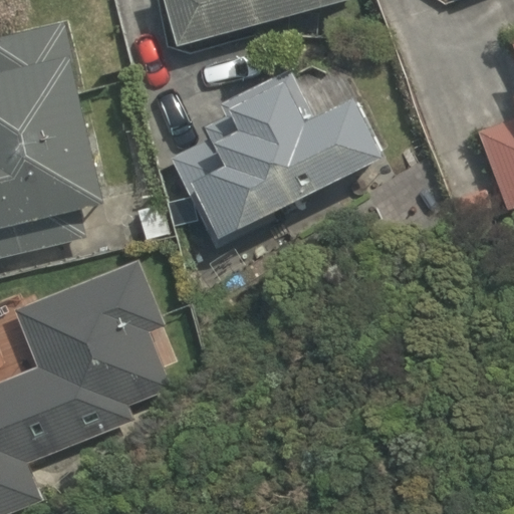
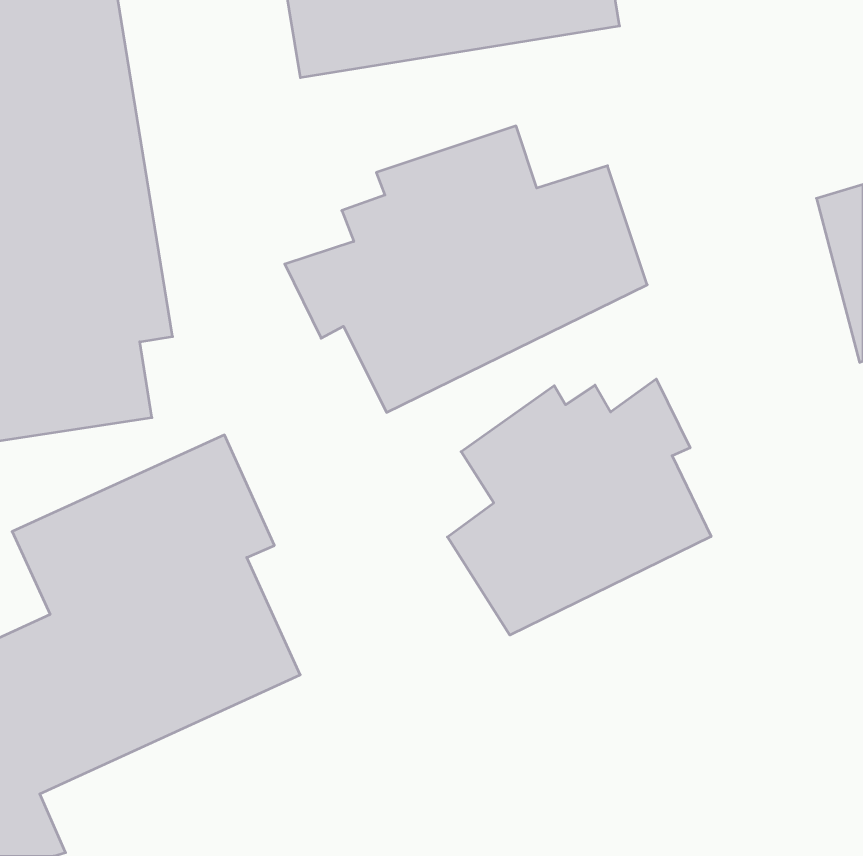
building: none -> [447,379,711,635]

